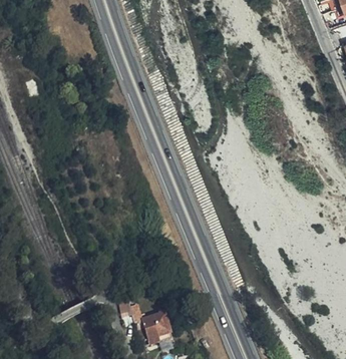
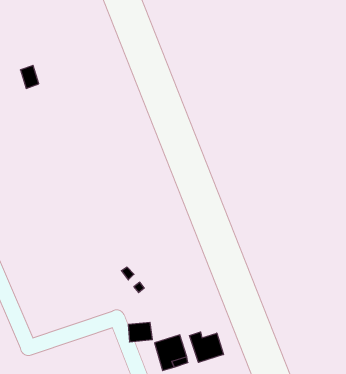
building: none -> [189,332,223,362]

